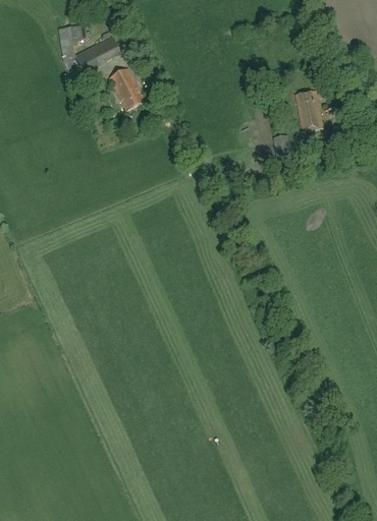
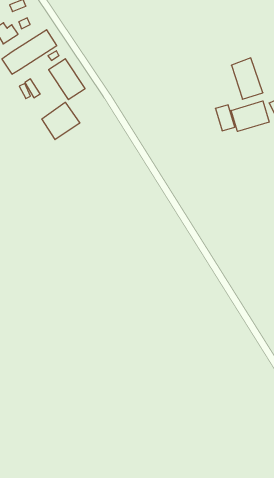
building: none -> [42,102,80,140]
building: none -> [231,101,269,131]

